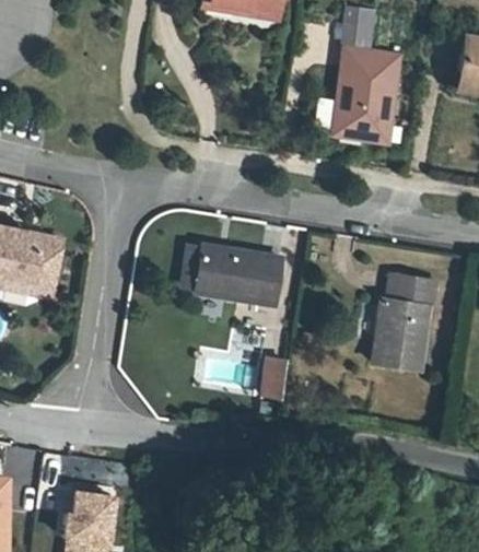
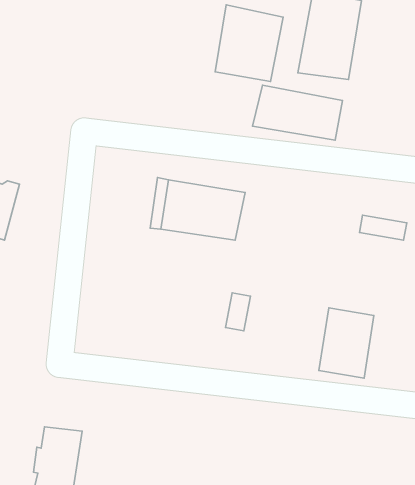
building: none -> [215,5,283,82]
building: none -> [253,85,342,140]
building: [373,300,429,371] -> [319,308,374,378]

